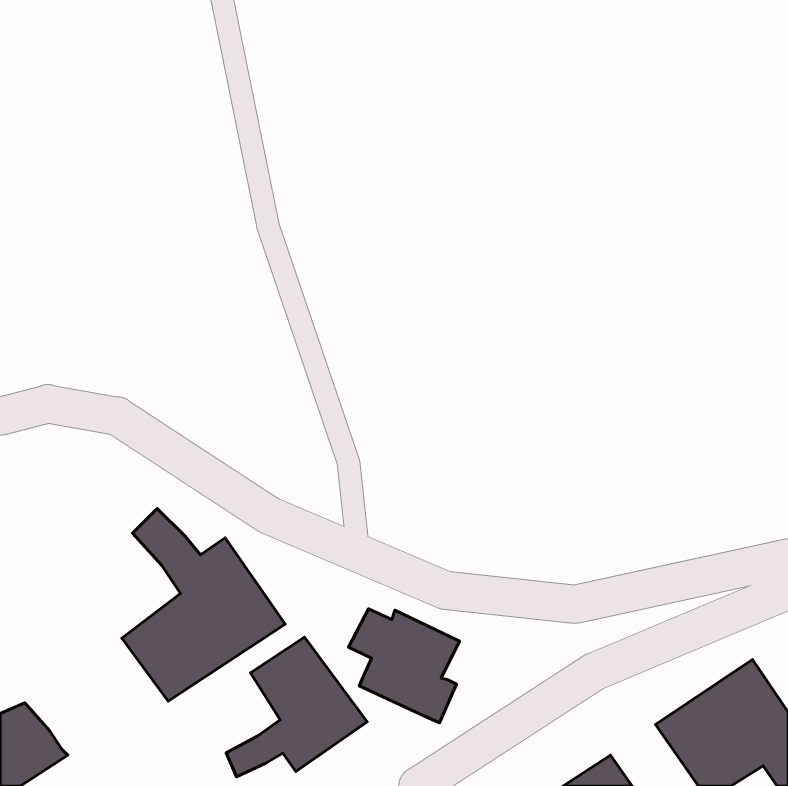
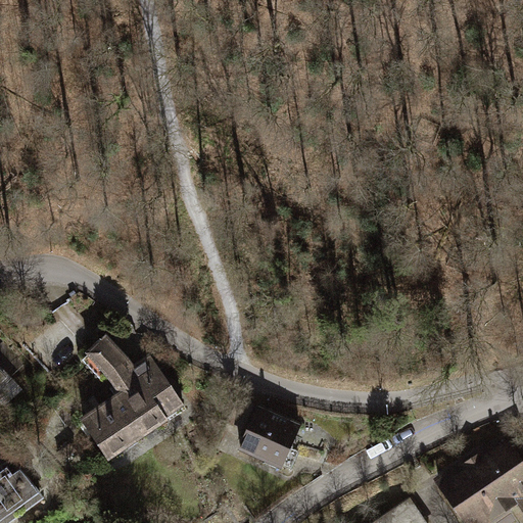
building: [226,637,367,777] -> none

